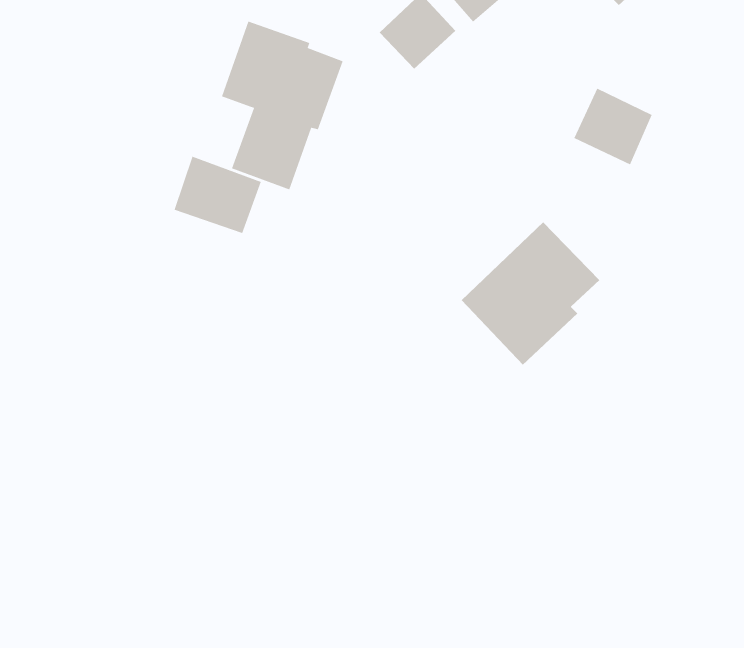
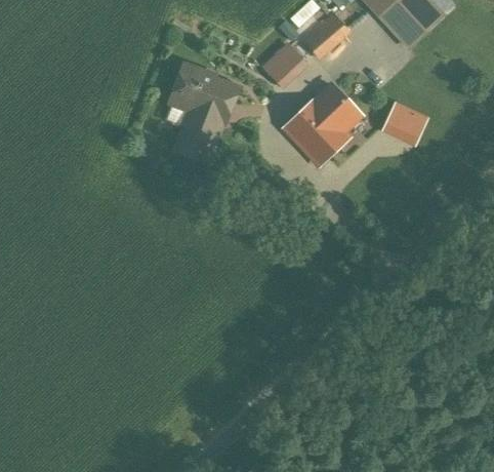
building: [174,156,262,234] -> none
building: [461,221,600,366] -> [281,80,366,168]

